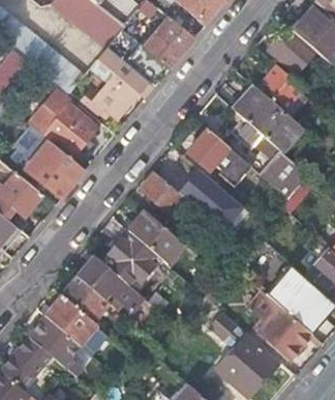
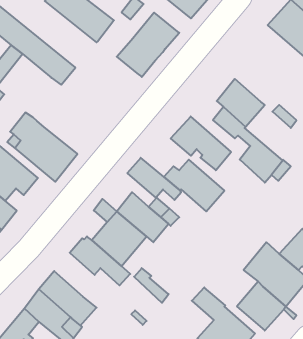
building: [267,27,313,73] -> none
building: [82,48,150,119] -> none
building: [255,64,304,113] -> none
building: [29,87,99,158] -> none
building: [61,276,104,323] -> none

